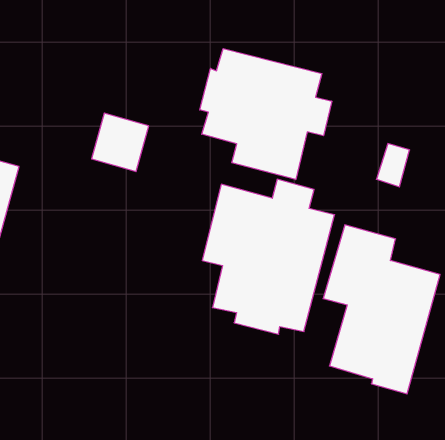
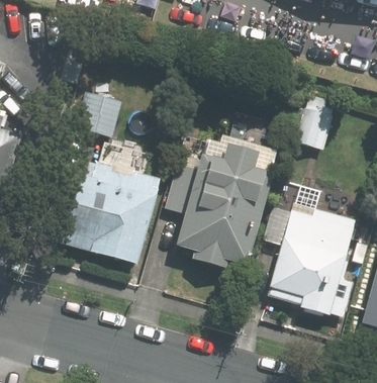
building: [200,49,332,180] -> none
building: none -> [60,162,160,264]

